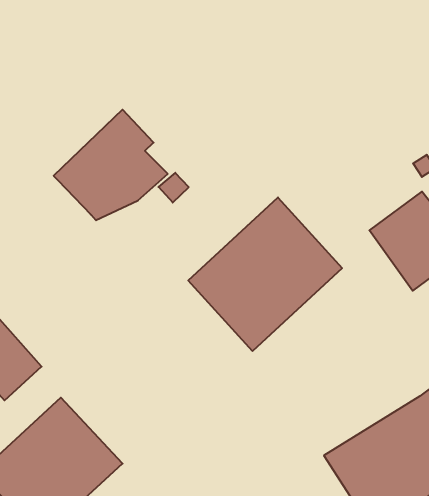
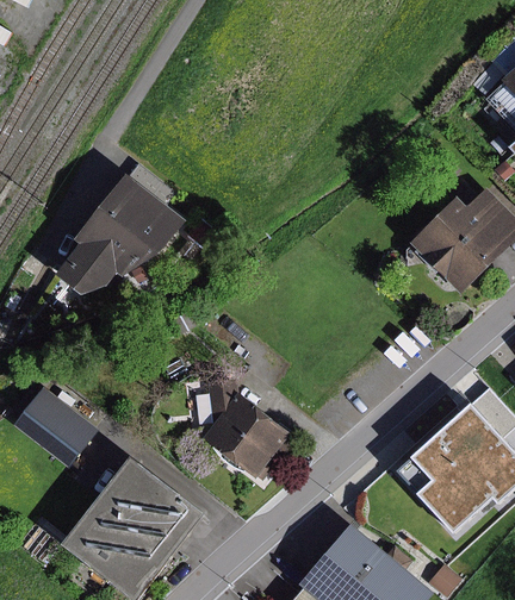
building: none -> [46,244,126,312]
building: [188,197,342,351] -> none
building: none -> [199,381,288,480]

